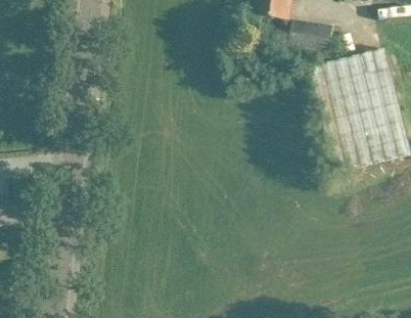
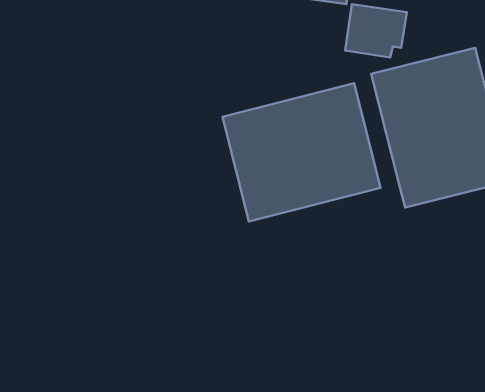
building: none -> [222,83,380,221]

